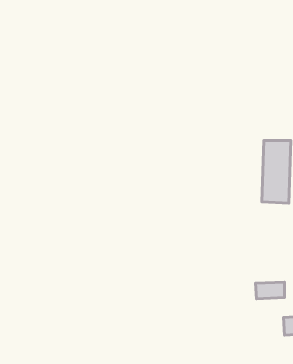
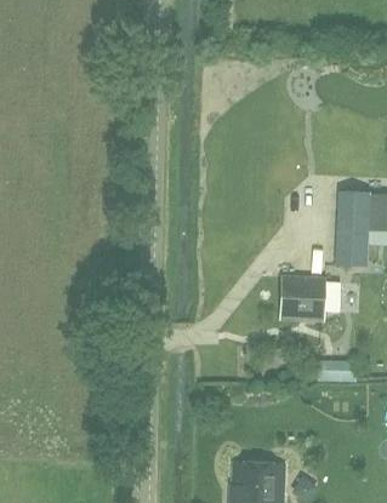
building: none -> [281,278,325,322]

